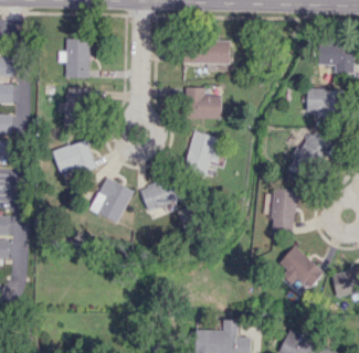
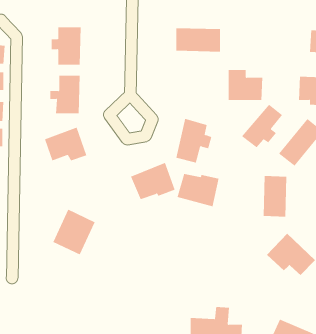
building: [186,87,221,118] -> [228,69,263,100]
building: none -> [241,104,283,148]
building: [89,176,133,223] -> [52,209,96,255]
building: none -> [177,173,219,207]

